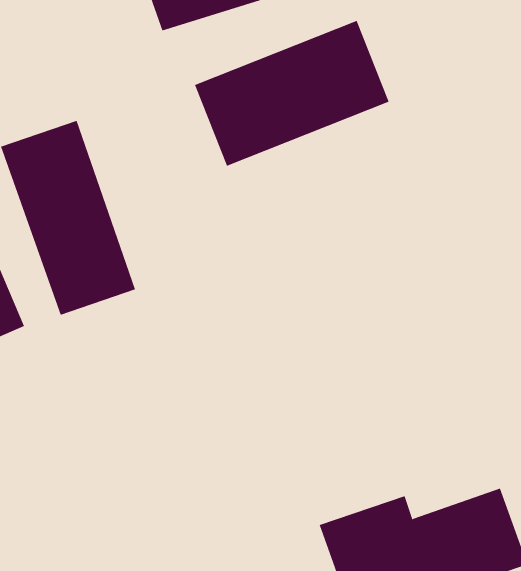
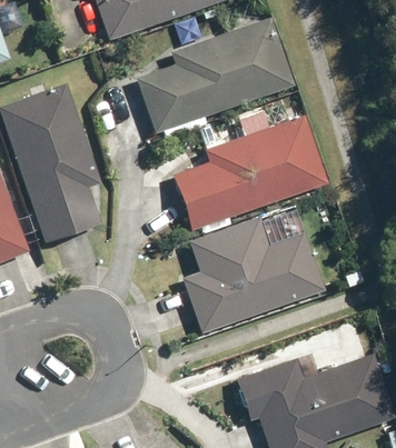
building: none -> [182,130,319,226]
building: none -> [187,228,315,313]

